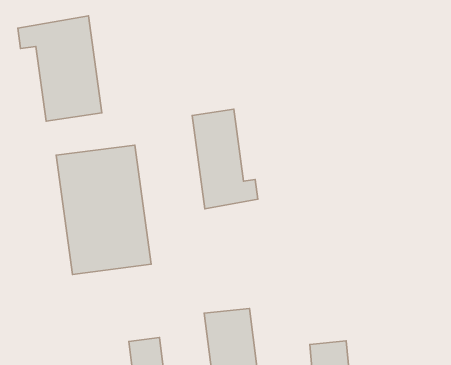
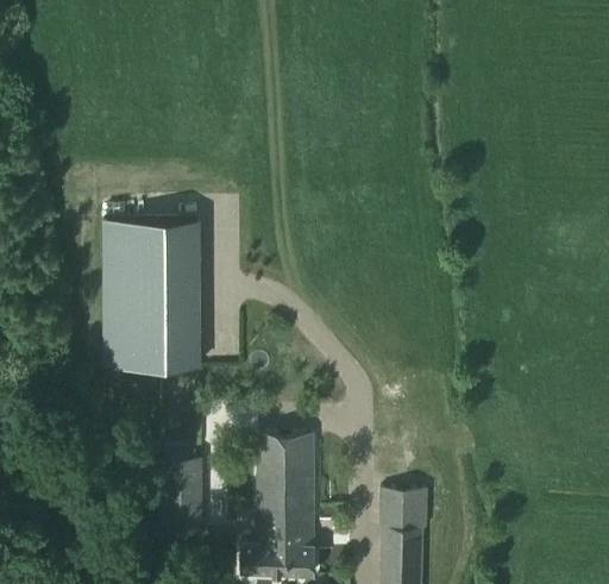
building: [18,16,102,121] -> none
building: [192,109,258,209] -> none

